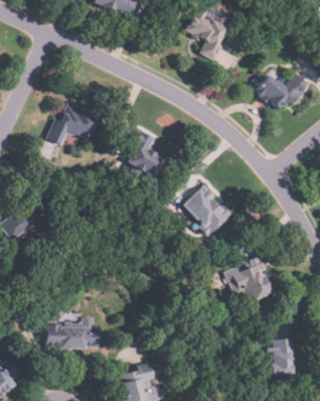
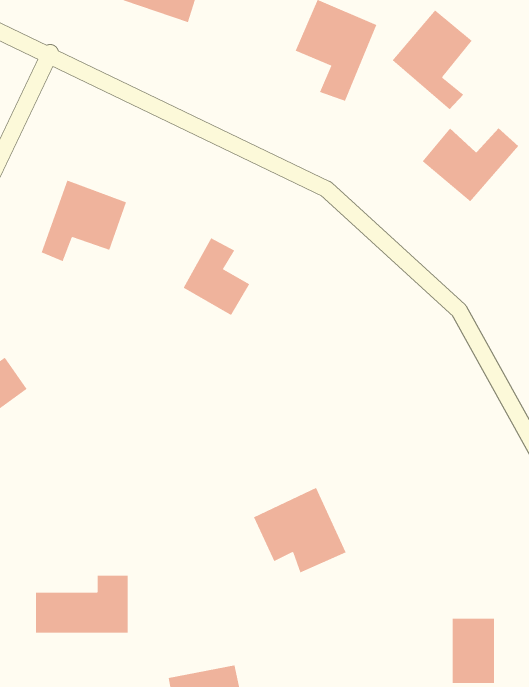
building: none -> [392,9,472,110]
building: [183,184,231,233] -> none
building: [225,256,276,302] -> [253,487,347,573]

